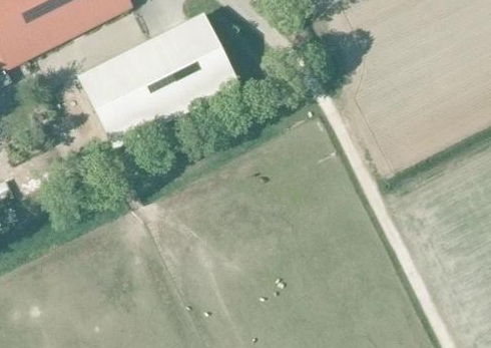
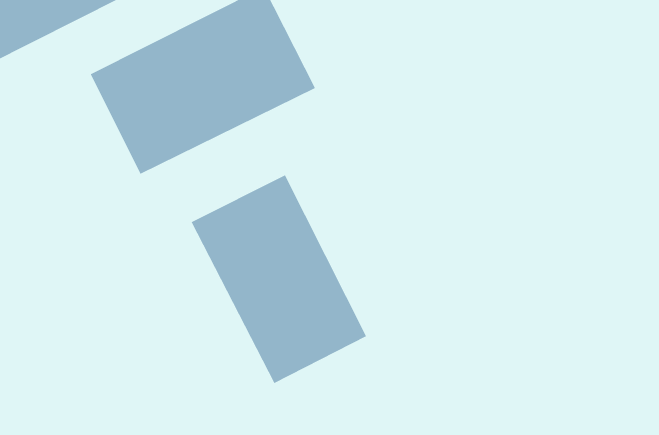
building: none -> [191,175,367,384]

